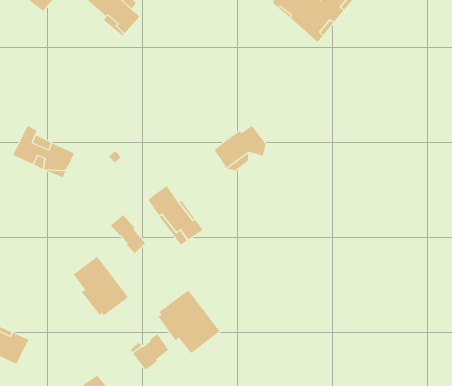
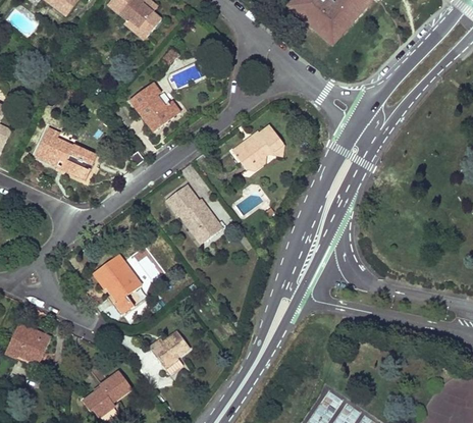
building: none -> [128,82,178,130]
building: [110,214,146,254] -> none
building: [157,289,220,354] -> none

